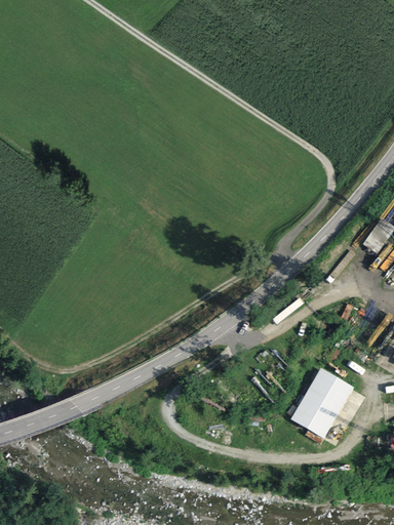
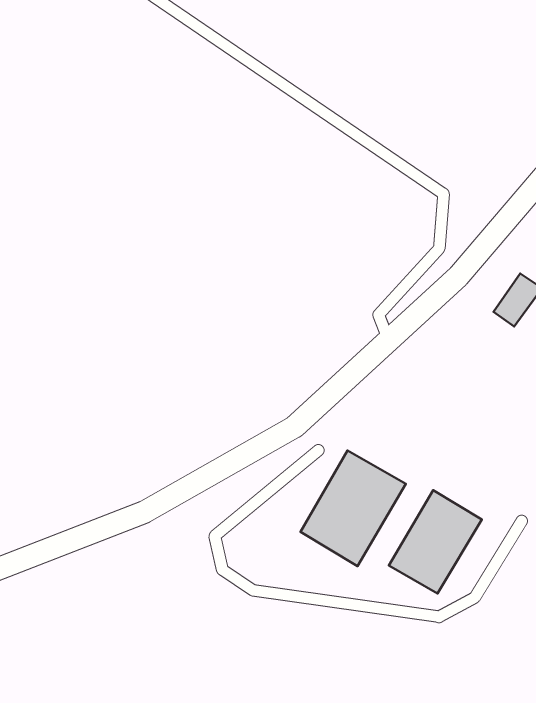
building: none -> [301,450,406,566]

